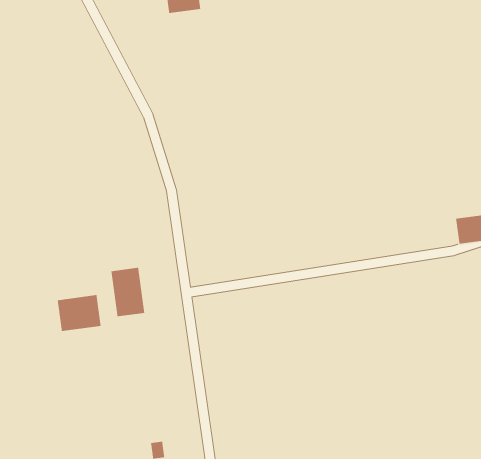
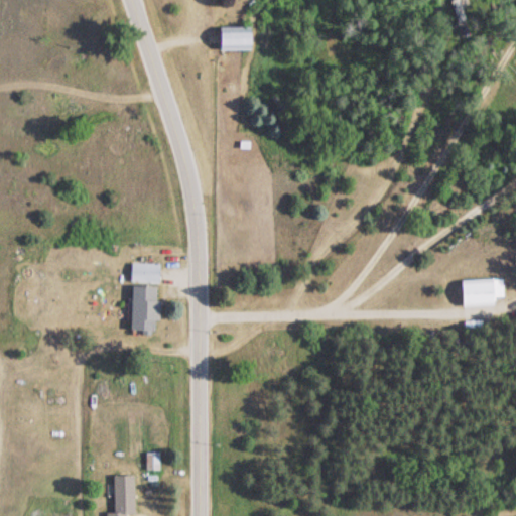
building: none -> [132,263,159,281]
building: [57,294,101,332] -> none

